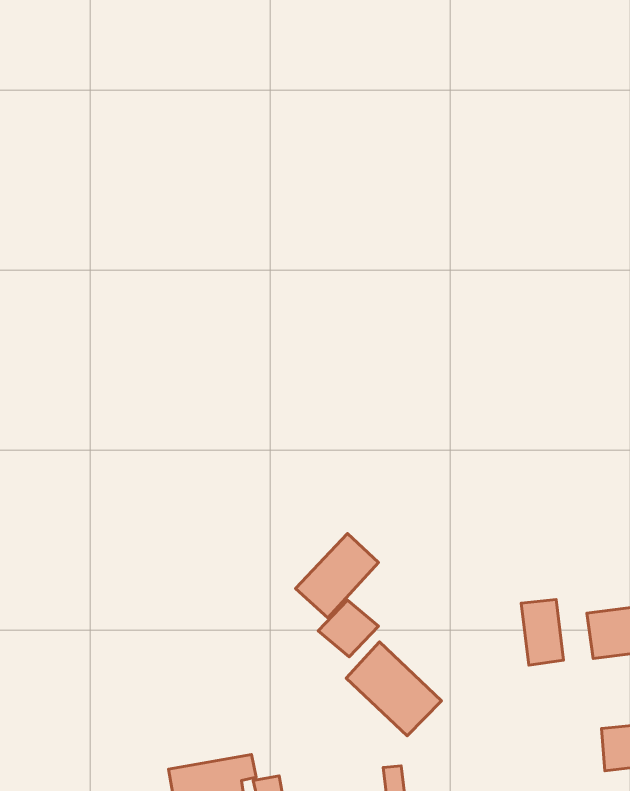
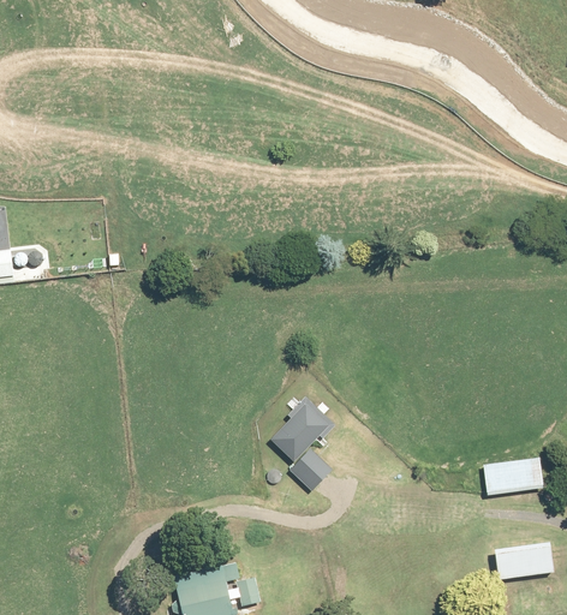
building: [521,599,564,665] -> none
building: [346,642,442,736] -> none

